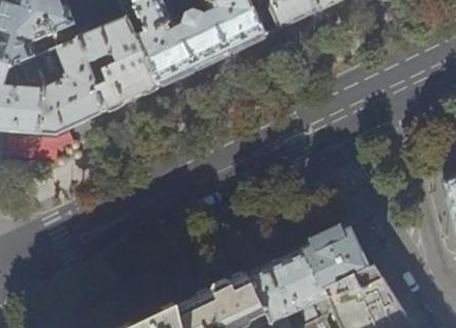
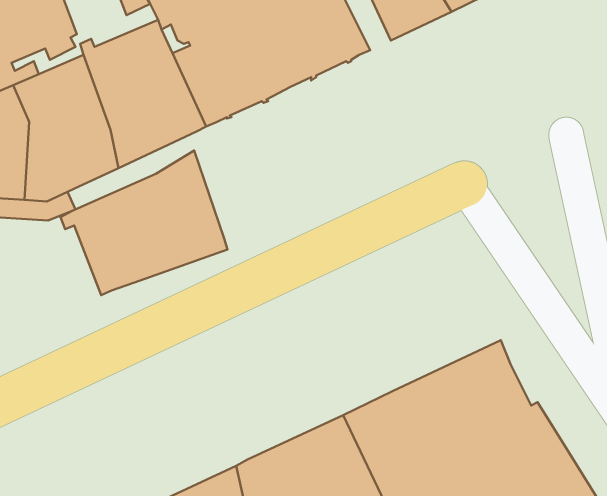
building: none -> [60,150,228,295]

